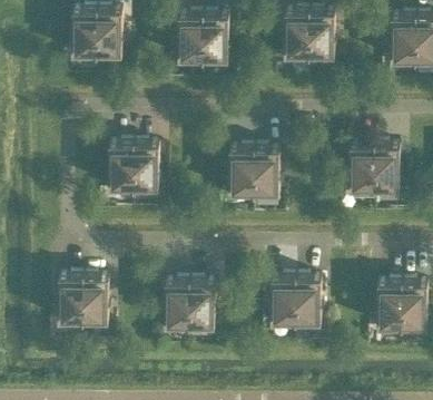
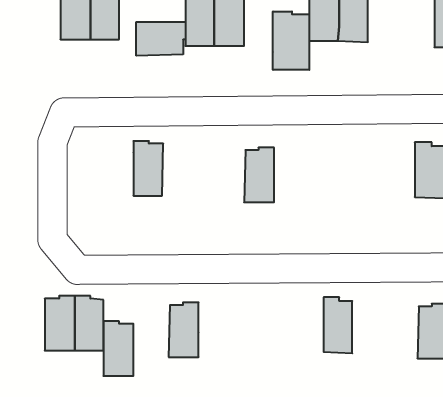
building: none -> [273,11,309,70]
building: none -> [136,22,185,56]
building: [109,143,135,189] -> none
building: [351,144,375,191] -> none
building: [255,148,281,195] -> none
building: [272,276,297,323] -> none
building: [190,281,216,328] -> [103,321,133,376]

